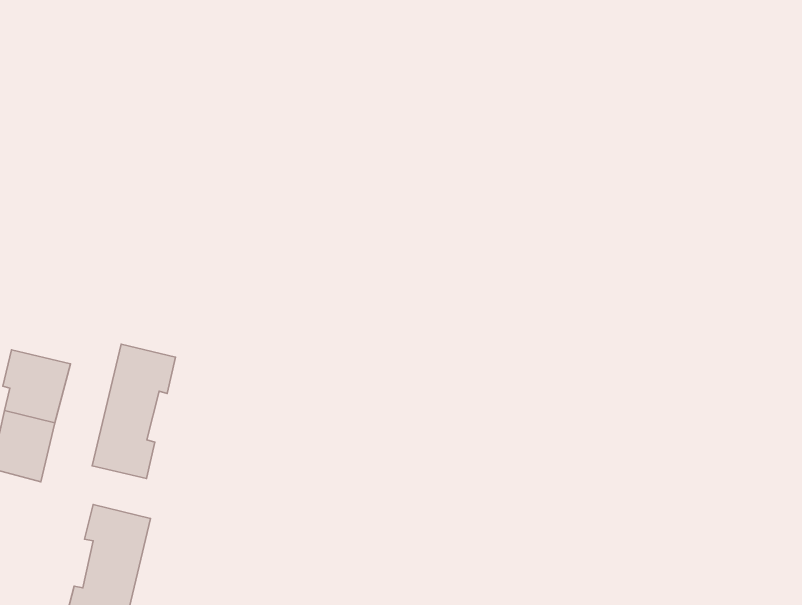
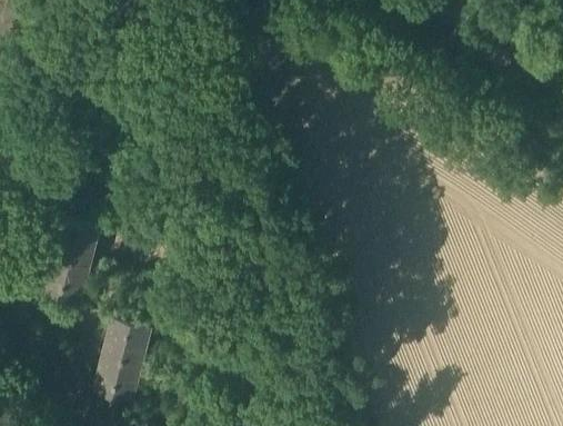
building: [92,344,175,479] -> none

